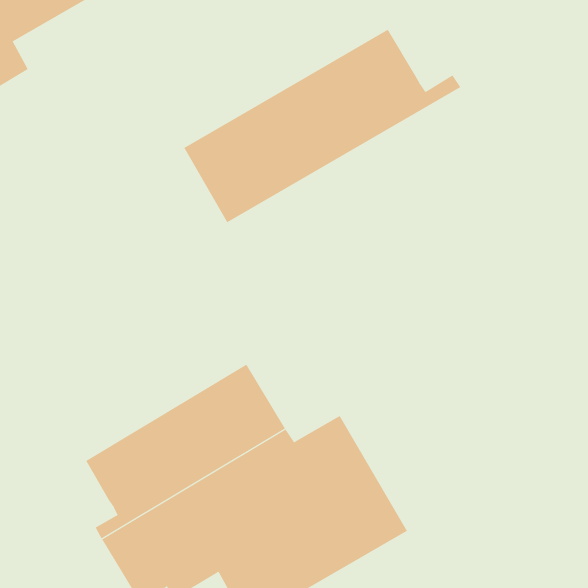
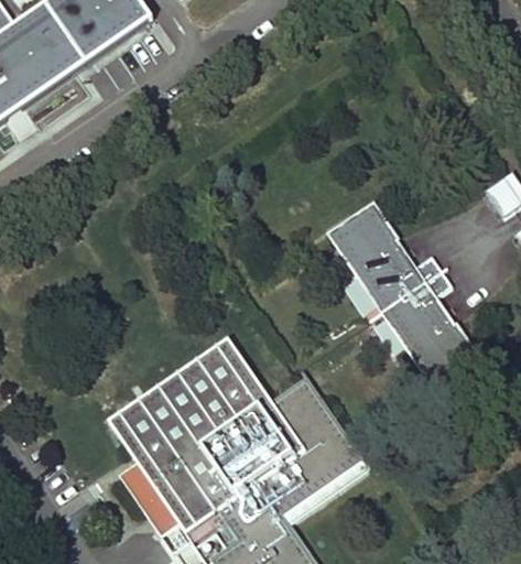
building: [183,29,461,223] -> none
building: none -> [330,205,475,384]

